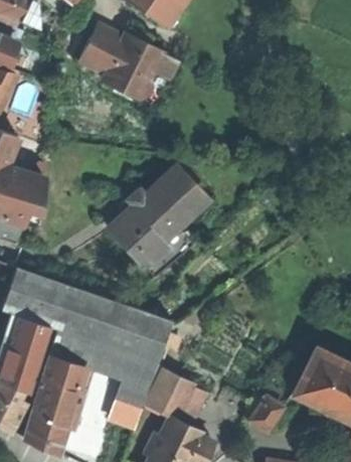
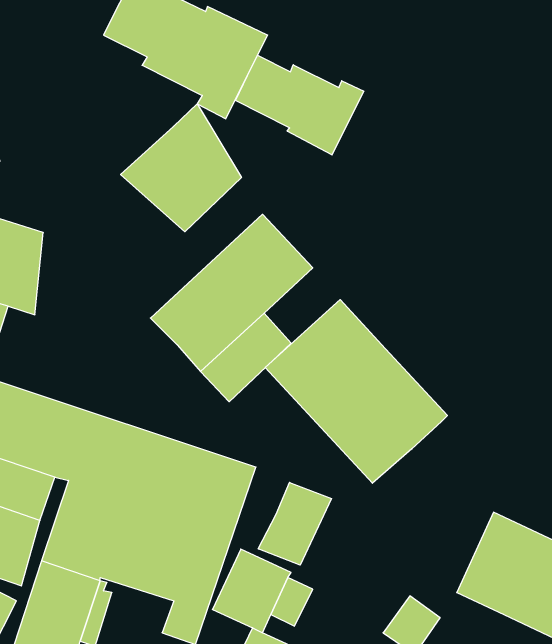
building: none -> [236,55,364,155]
building: none -> [121,104,241,232]
building: none -> [265,300,447,483]
building: none -> [258,482,331,565]

